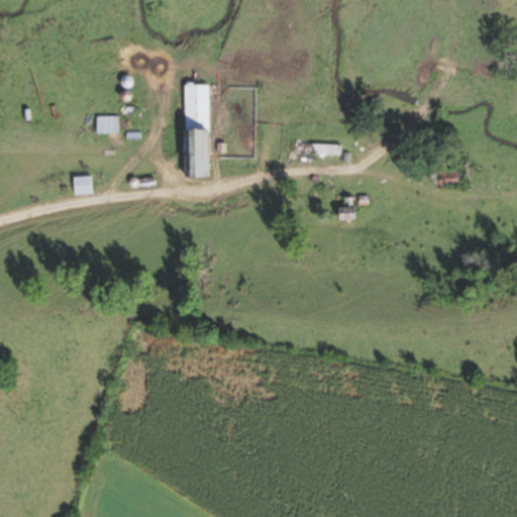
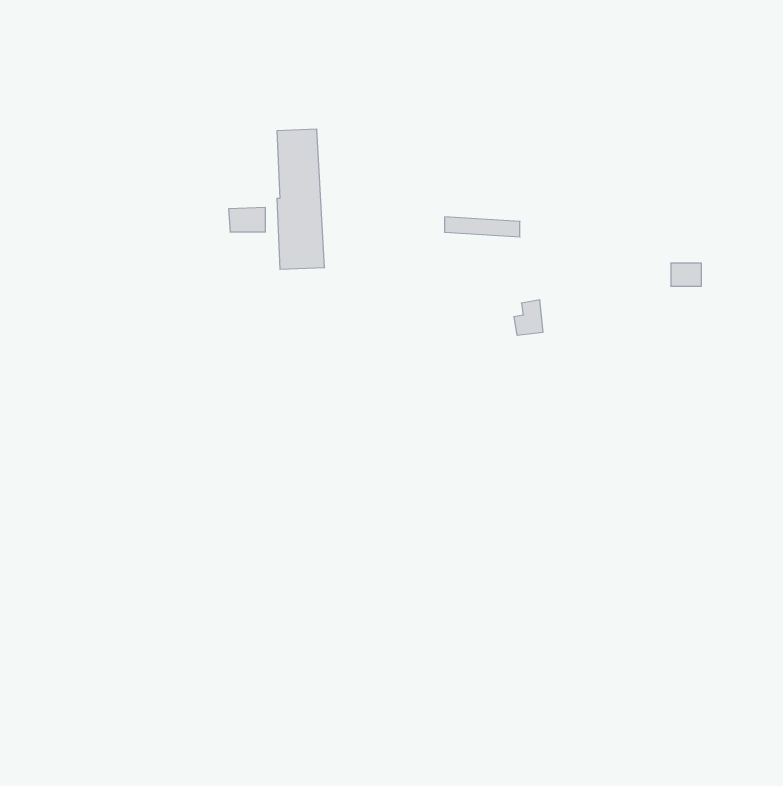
building: [96,116,120,132] -> [229,207,265,232]
building: [74,174,95,195] -> none

